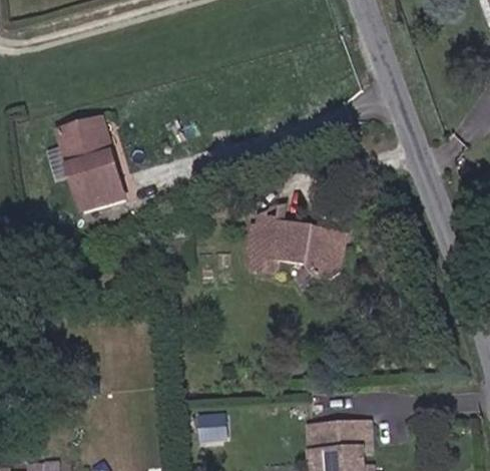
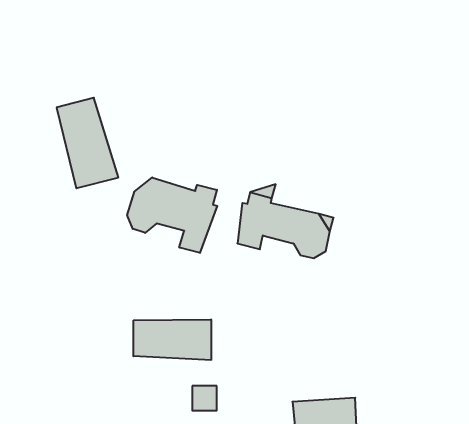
building: none -> [127,177,217,253]
building: none -> [133,319,211,360]

